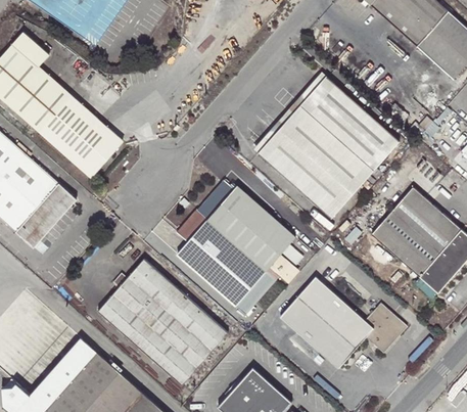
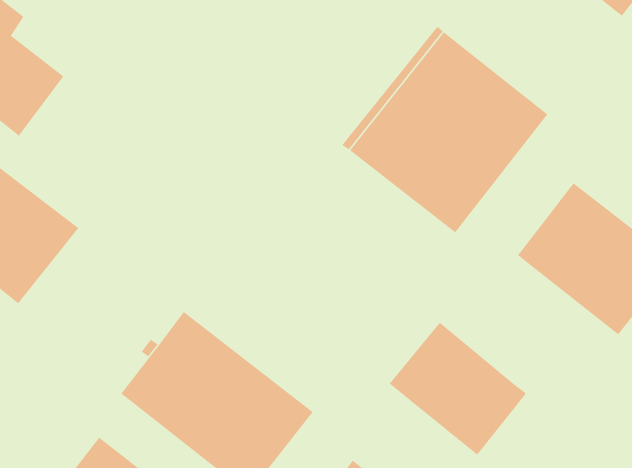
building: [40,95,124,177] -> none
building: [176,180,298,314] -> none
building: [365,302,407,353] -> none

